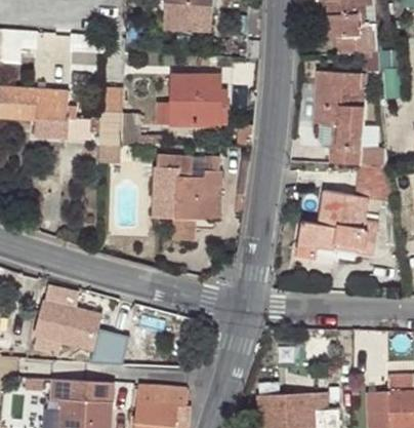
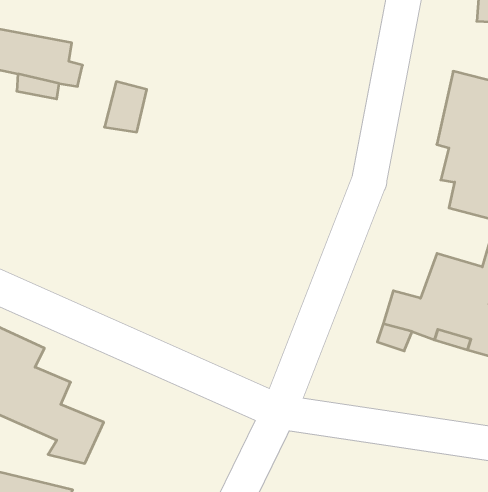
building: [156,76,219,126] -> none
building: [154,156,223,219] -> none

